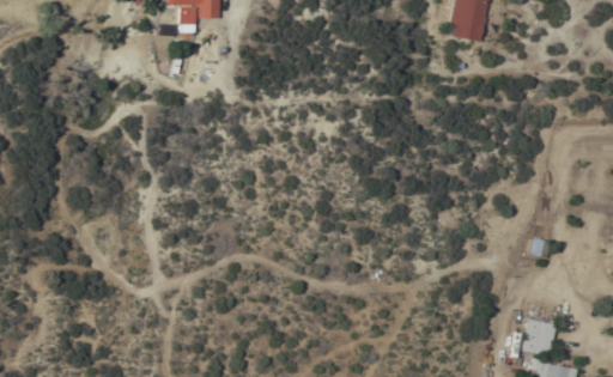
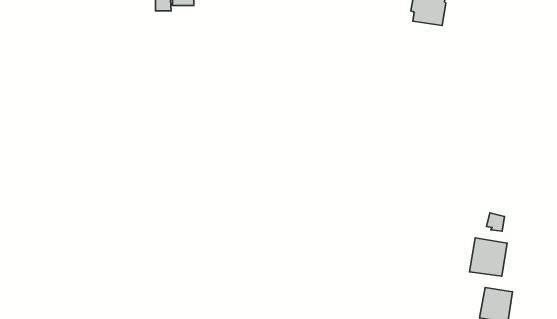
building: none -> [470,238,507,276]

